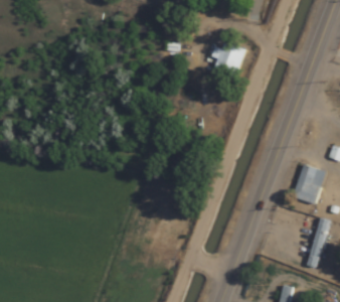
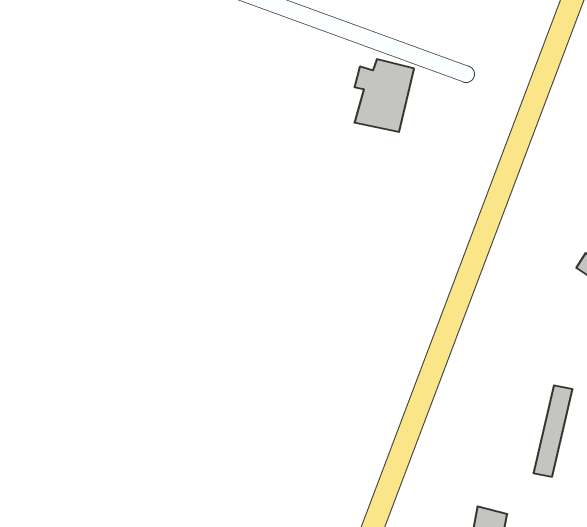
building: [292,164,326,204] -> none

